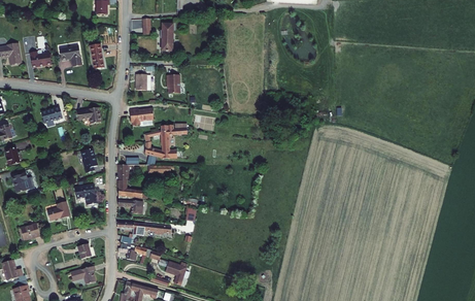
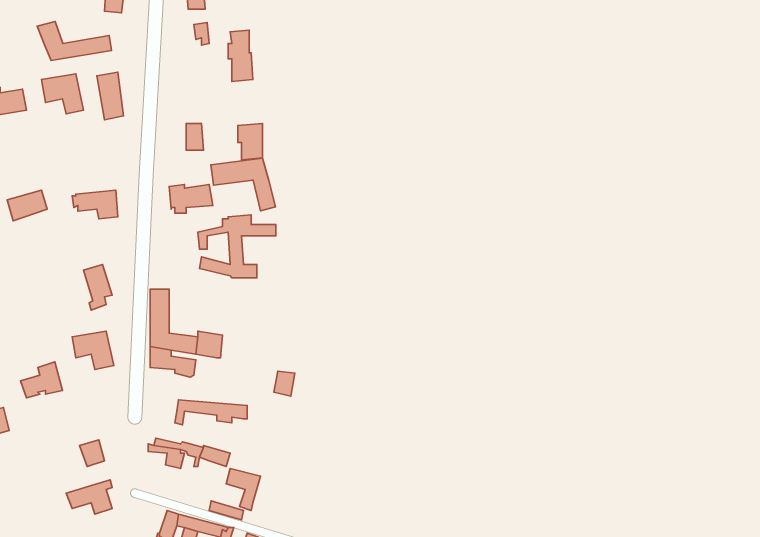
building: none -> [37,22,112,61]
building: none -> [211,158,276,211]

